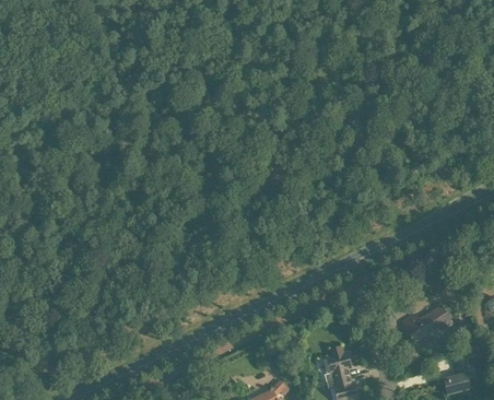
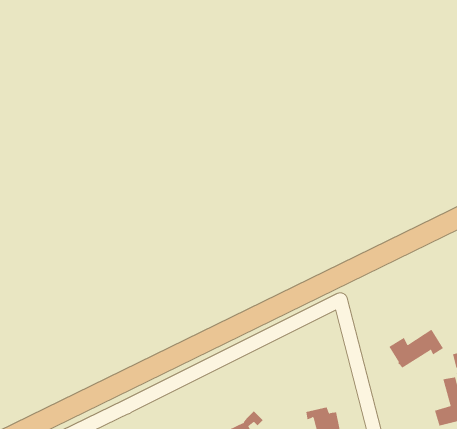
building: [325,345,352,381] -> none

